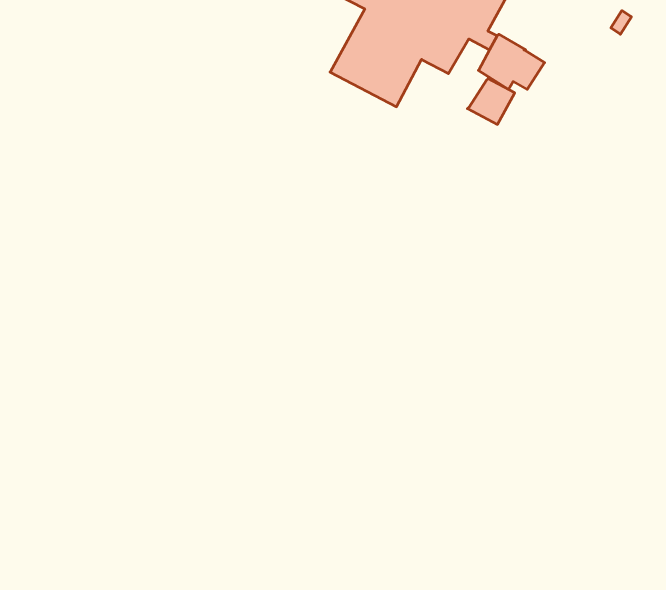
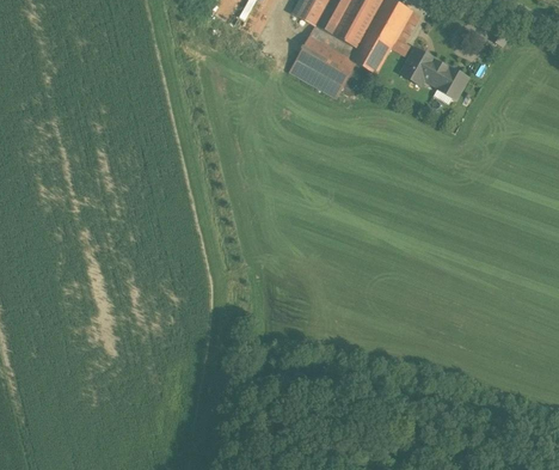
building: [467,79,515,124] -> [435,66,471,100]

